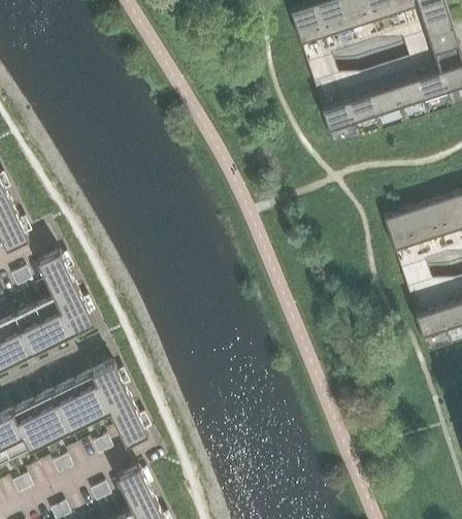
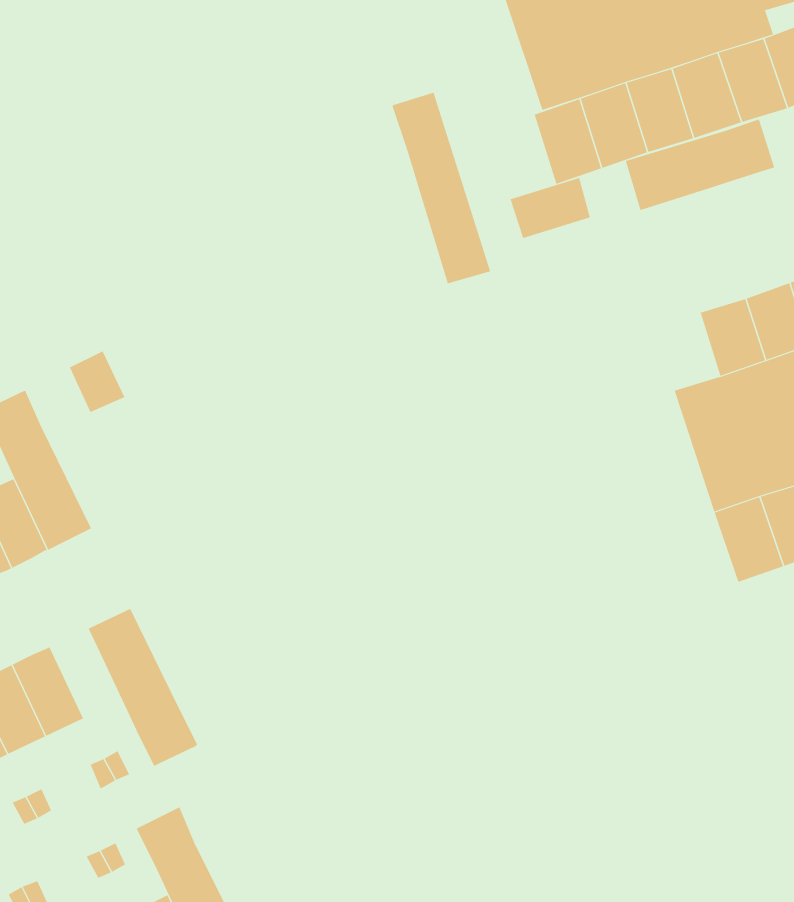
building: none -> [392,92,491,284]
building: none -> [625,119,775,211]
building: none -> [510,177,590,239]
building: [383,208,417,249] -> none
building: none -> [69,351,125,413]
building: [71,371,108,418] -> none

